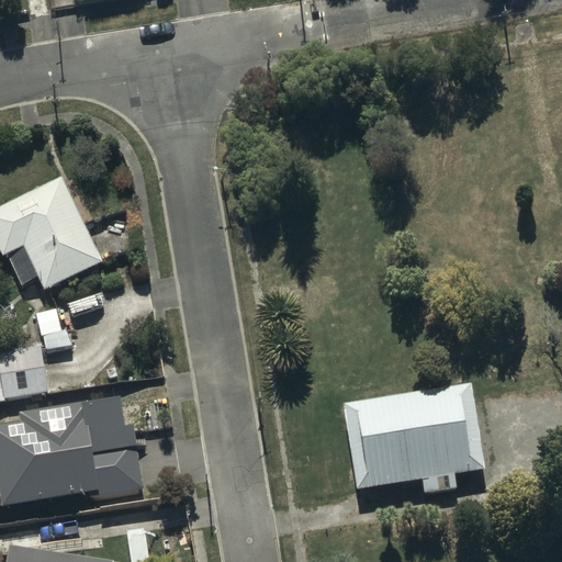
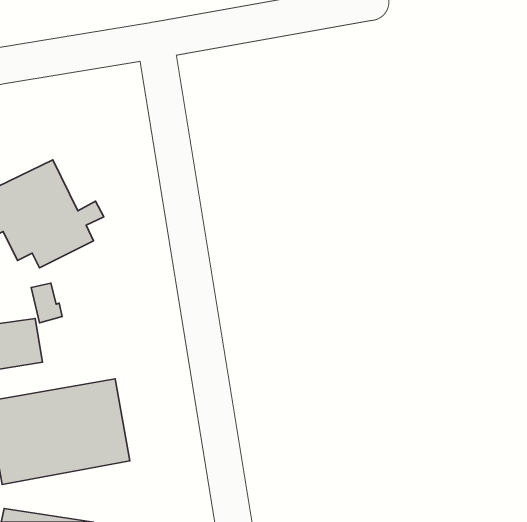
building: [342,385,485,495] -> none

